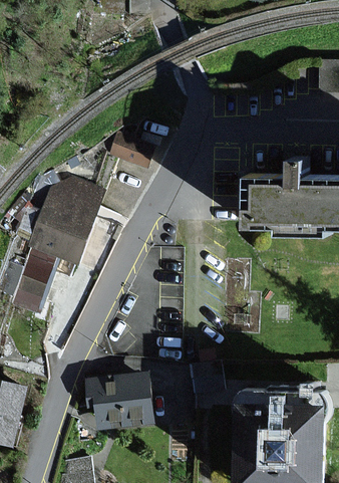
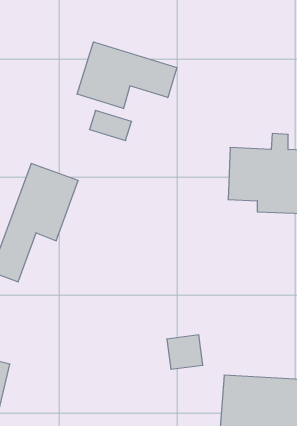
building: none -> [77,42,177,109]
building: [84,370,152,426] -> none

